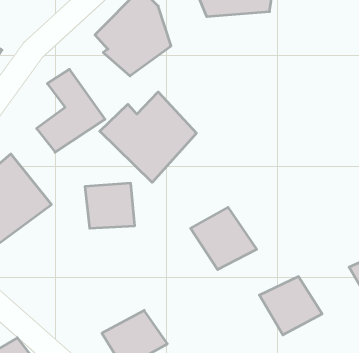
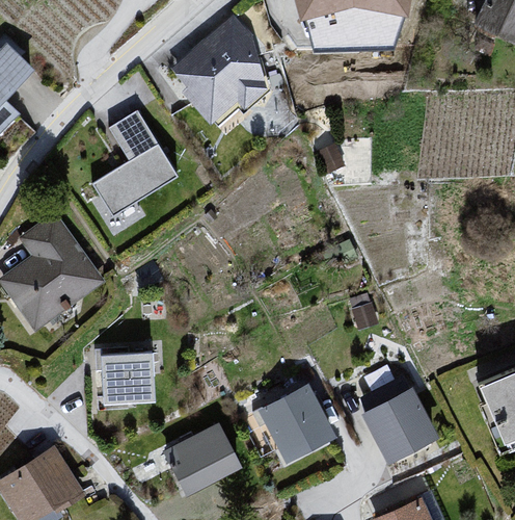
building: [100,92,196,182] -> none
building: [85,183,135,228] -> [97,350,157,405]
building: [191,207,257,270] -> [256,383,338,461]

